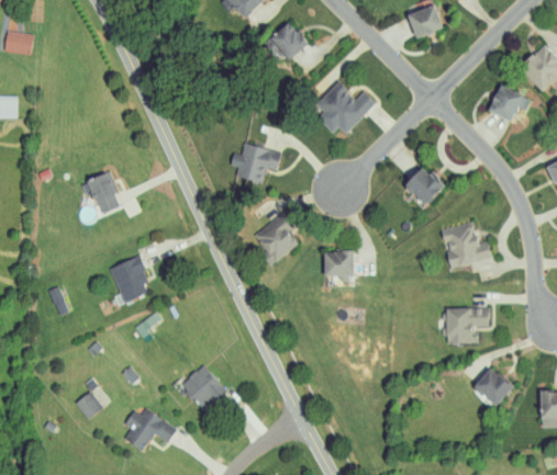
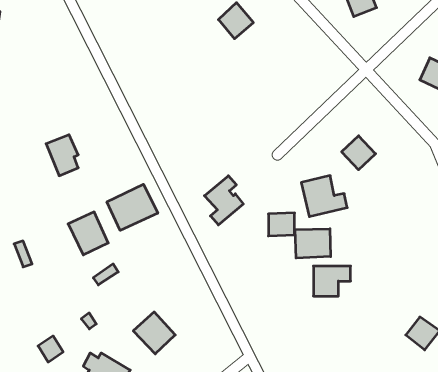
building: [318,84,378,135] -> none
building: [236,144,283,182] -> none
building: [442,223,492,268] -> [301,176,347,217]
building: none -> [107,184,158,230]
building: none -> [295,229,331,258]
building: [448,309,489,342] -> [313,266,351,296]

